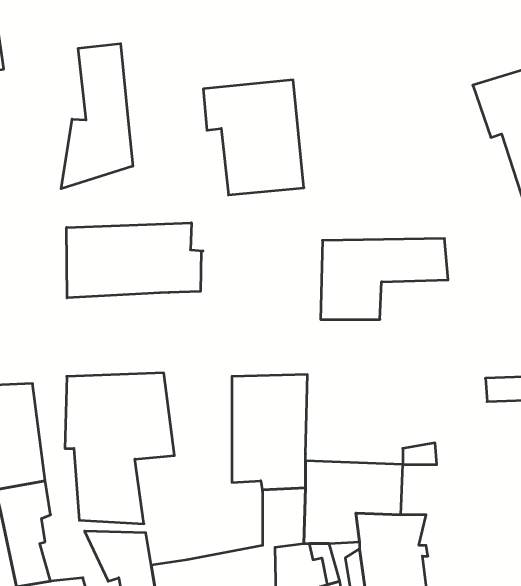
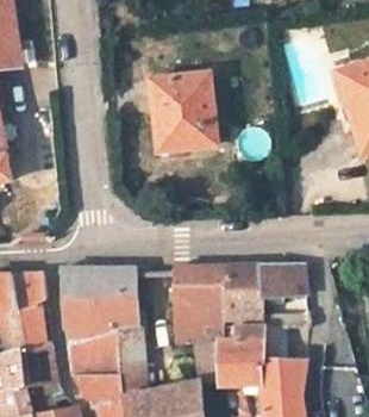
building: [61,44,133,189] -> none
building: [67,223,203,298] -> none
building: [321,239,448,319] -> [220,268,305,322]
building: none -> [107,323,142,396]

